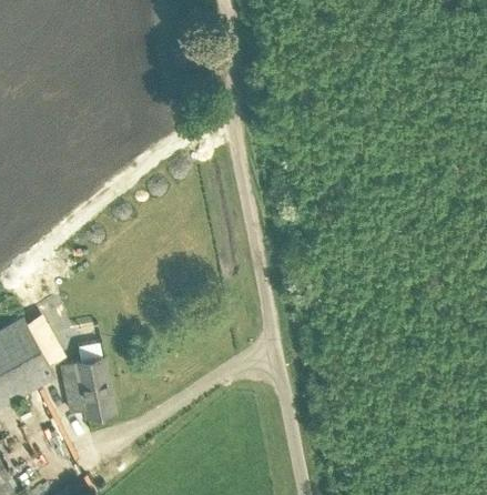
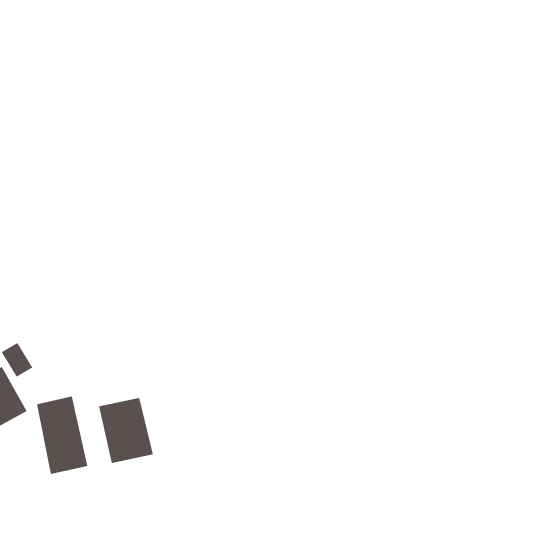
building: none -> [99,397,154,464]

